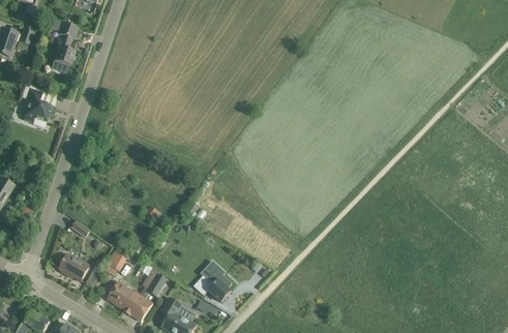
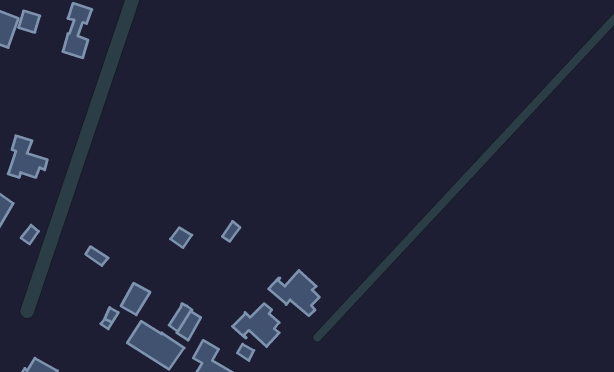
building: [23,88,55,122] -> [8,136,47,177]
building: none -> [269,270,319,316]
building: [59,253,88,281] -> none

